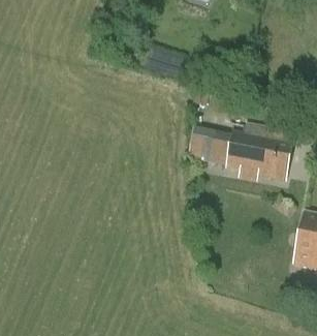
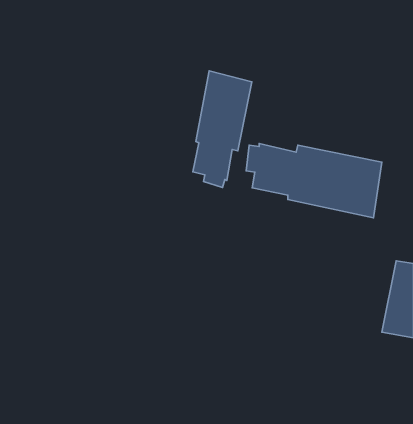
building: none -> [193,71,252,187]

